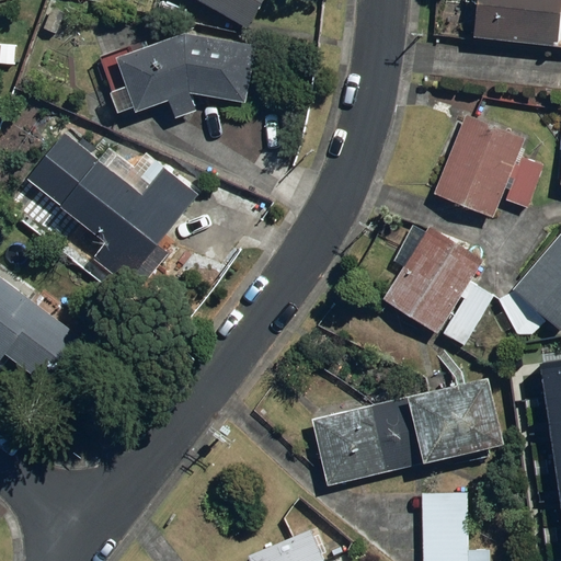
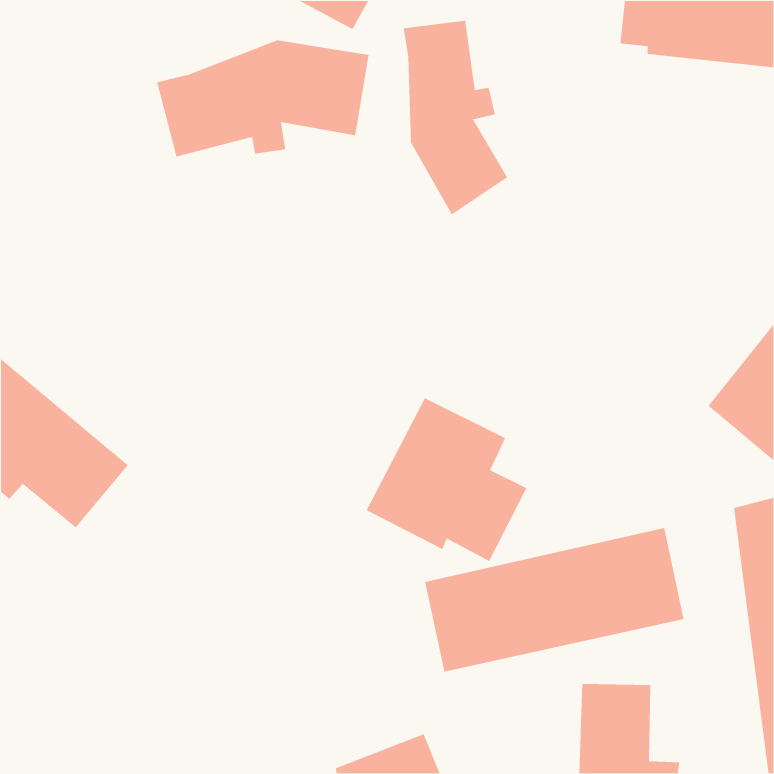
building: none -> [403,20,508,215]
building: [432,117,538,220] -> none
building: [33,129,207,279] -> none
building: [377,224,494,343] -> [365,397,528,562]

